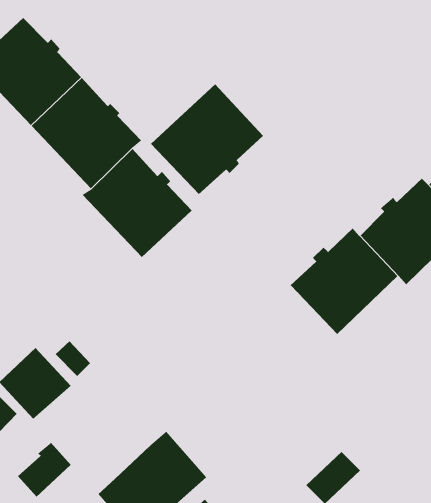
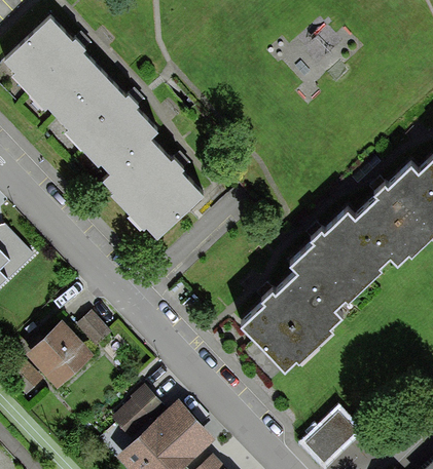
building: [150,84,264,195] -> none
building: none -> [244,271,342,370]
building: [17,442,72,498] -> [115,389,165,439]

